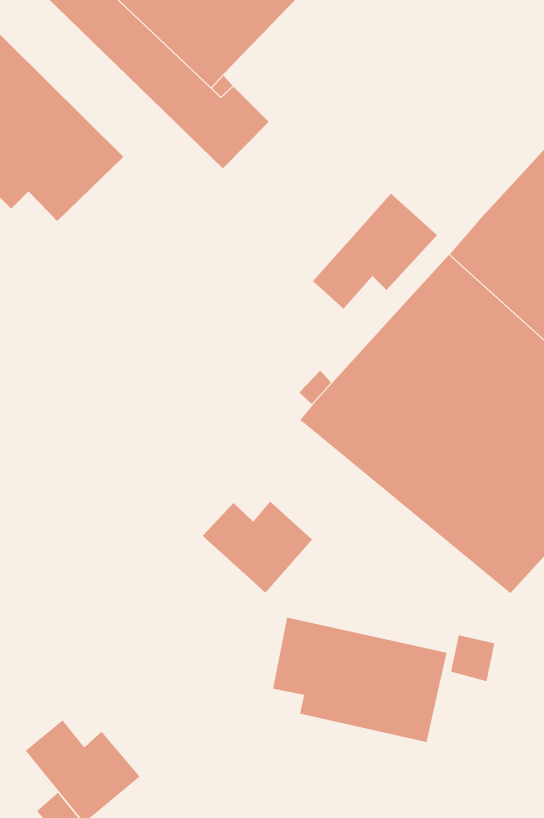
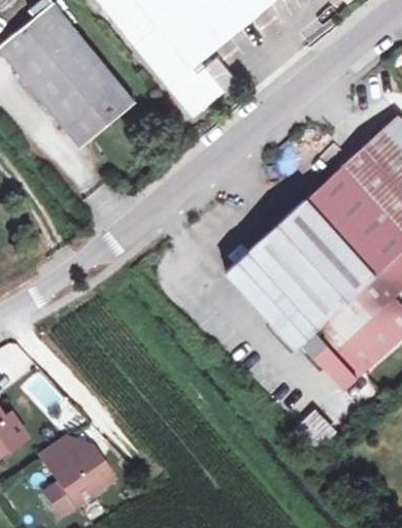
building: [312,193,438,309] -> none
building: [202,501,313,593] -> none
building: [272,617,447,743] -> none

